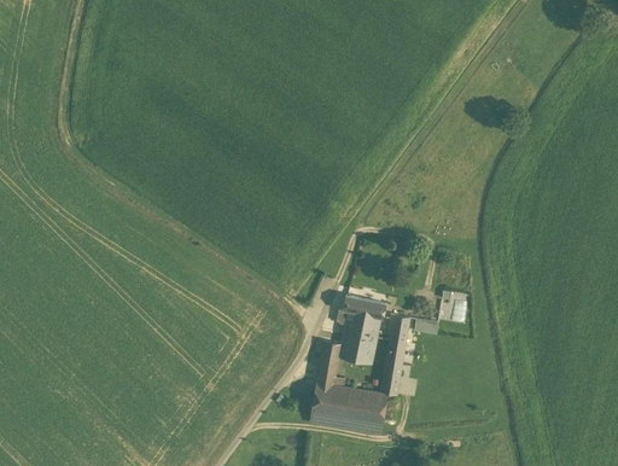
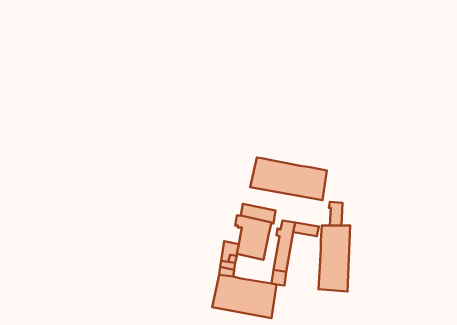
building: none -> [250,157,327,200]
building: none -> [319,225,350,292]

